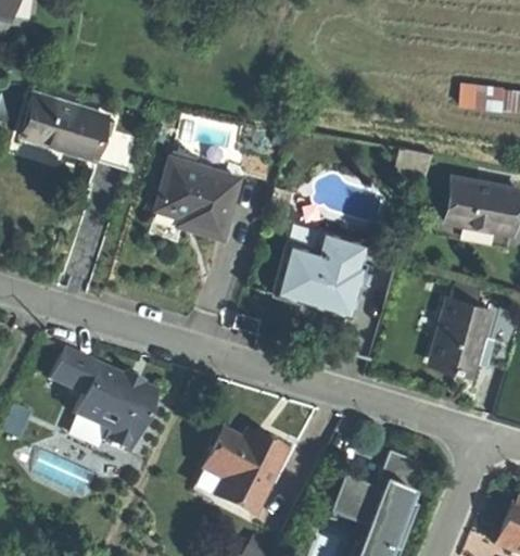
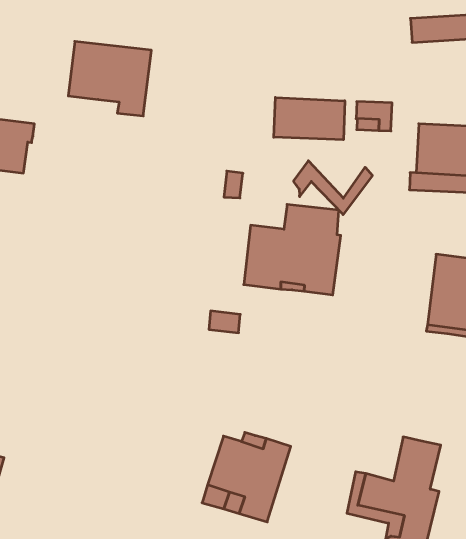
building: [92,128,138,172] -> none
building: none -> [274,97,345,140]
building: [156,160,238,237] -> [68,41,151,116]
building: none -> [294,161,372,215]
building: [52,350,158,454] -> none

